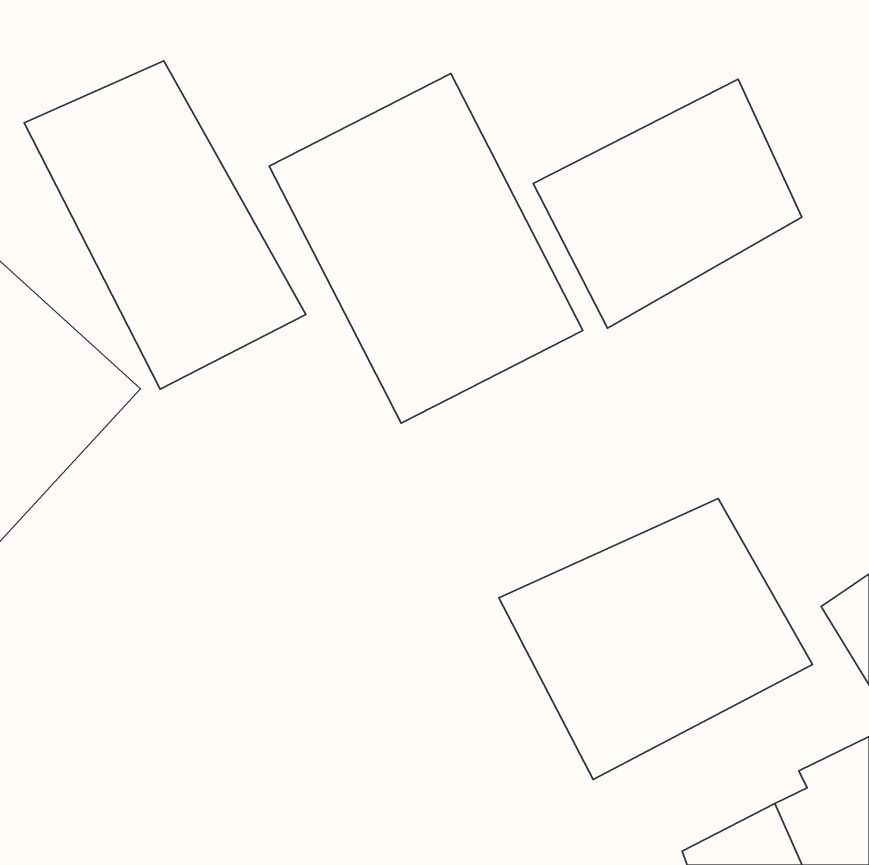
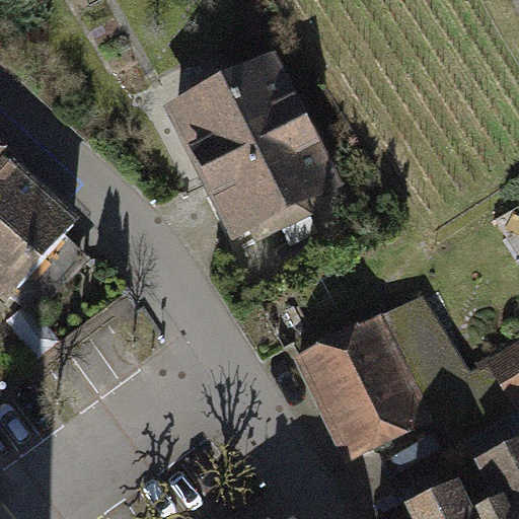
building: [24,61,306,389] -> none
building: [533,79,802,328] -> none

